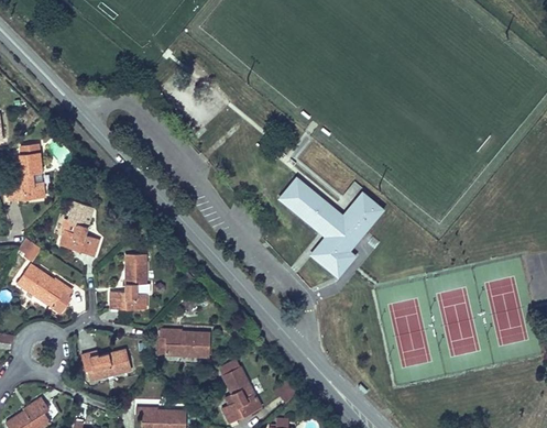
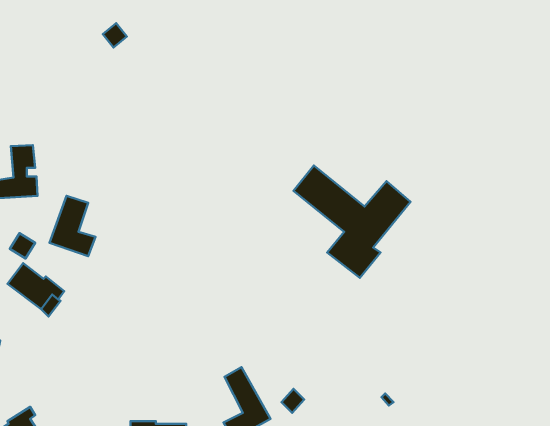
building: [109,265,145,310] -> none
building: [157,330,208,359] -> none
building: [81,349,131,383] -> none

